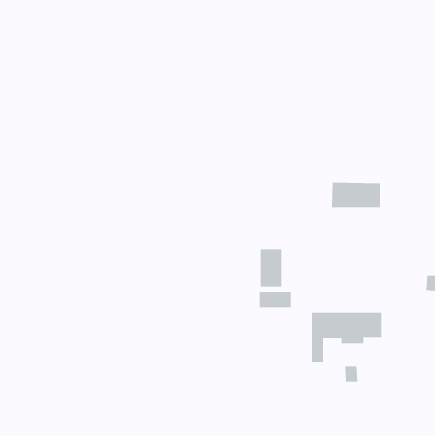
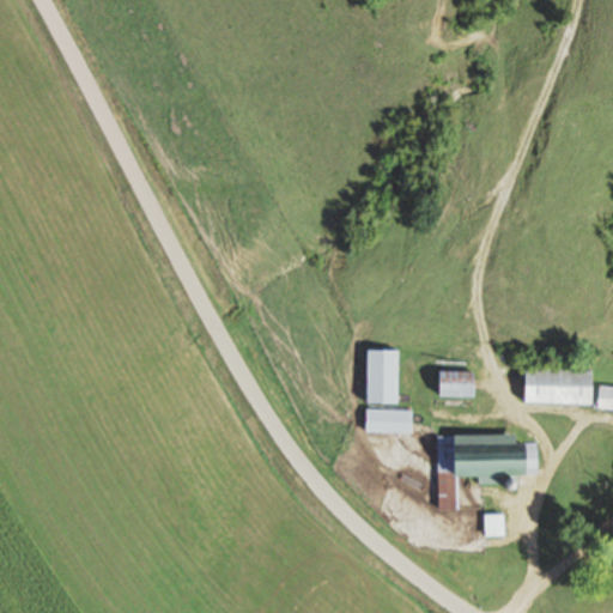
building: [331,182,381,208] -> [523,369,593,405]
building: none -> [438,371,473,396]

